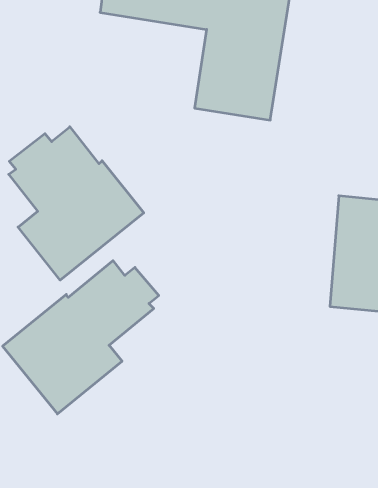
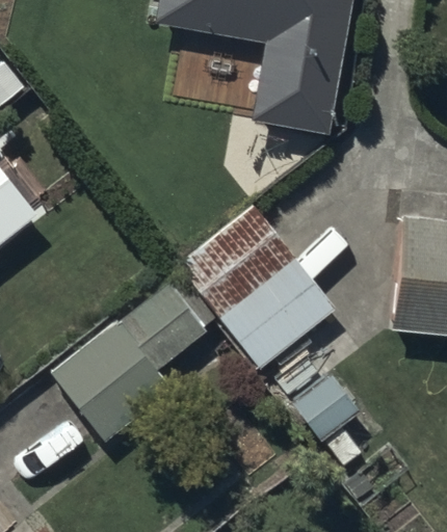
building: [9,127,144,280] -> none
building: none -> [176,203,337,369]

